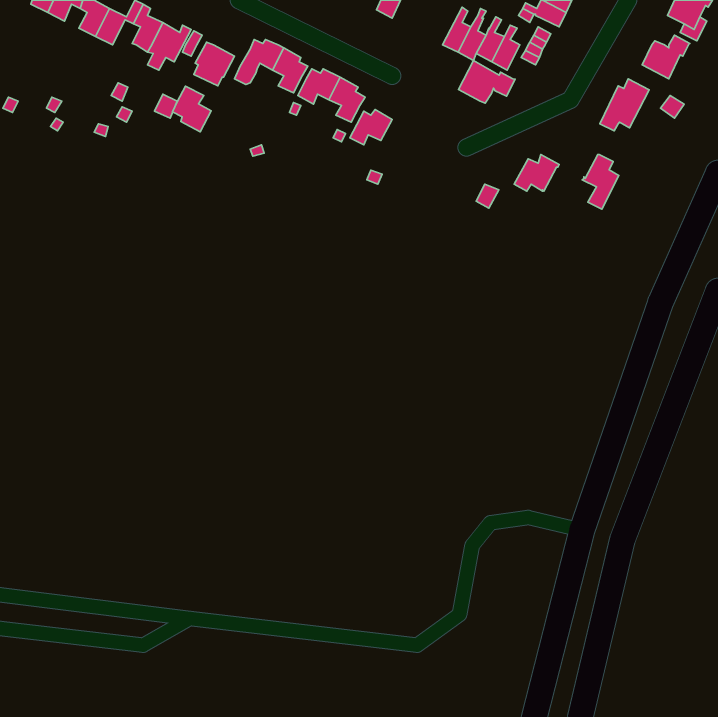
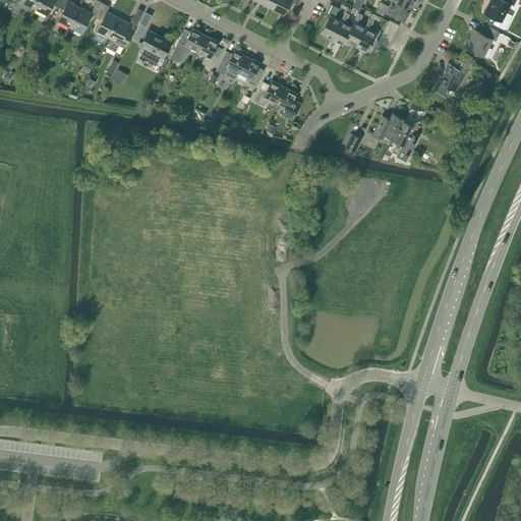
building: [458,60,515,103] -> none
building: [173,86,211,132] -> none
building: none -> [276,88,299,120]
building: [582,154,619,209] -> [392,122,418,162]

